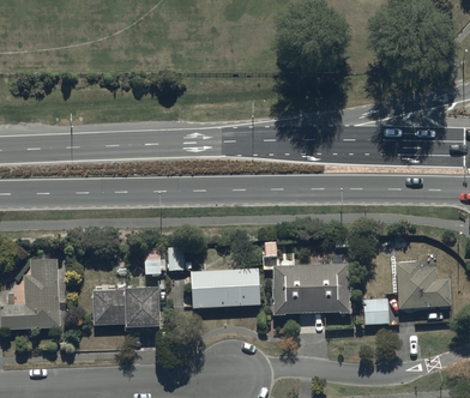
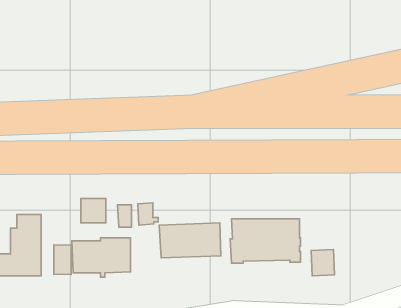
building: none -> [81,198,106,223]
building: [396,261,451,308] -> none
building: none -> [54,245,71,274]

